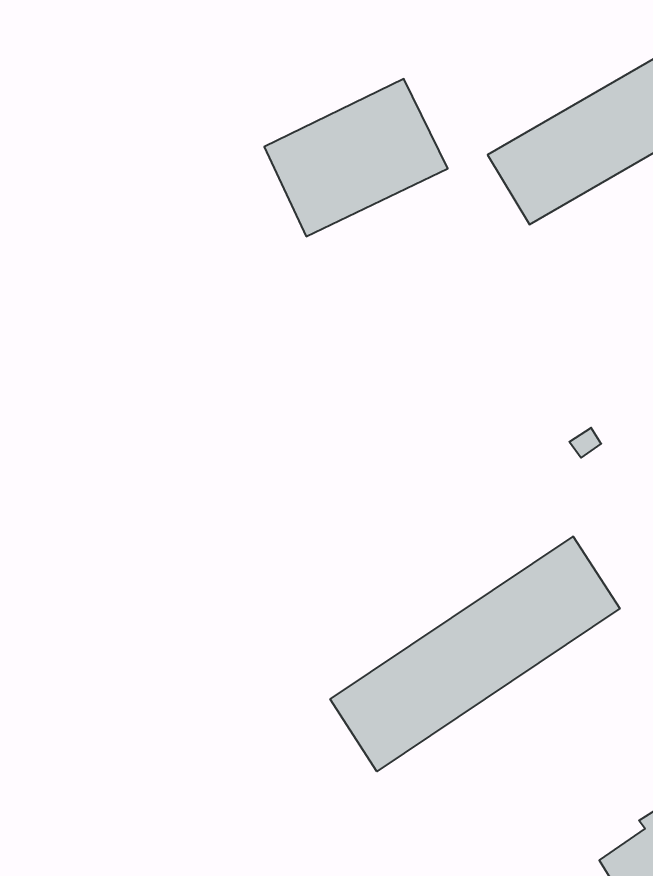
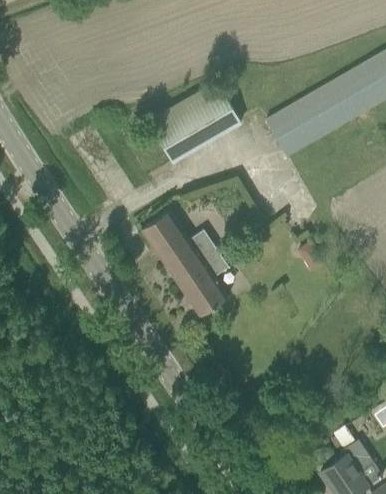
building: none -> [140,212,227,318]
building: [330,536,620,771] -> none

